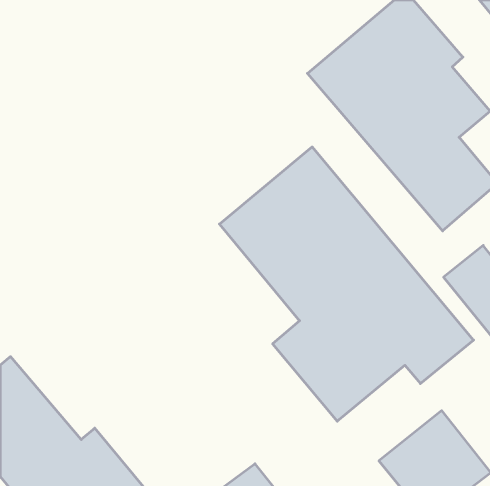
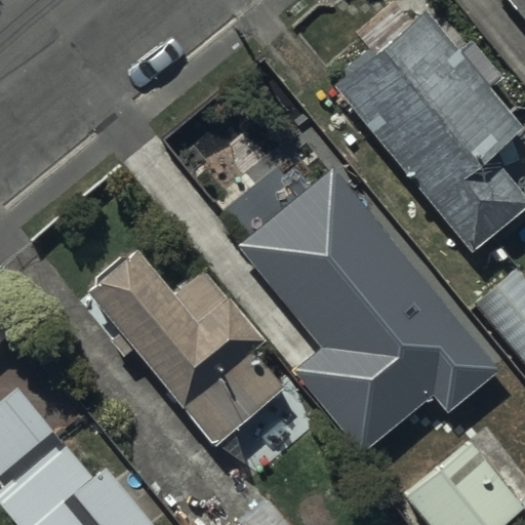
building: none -> [85,249,285,447]

